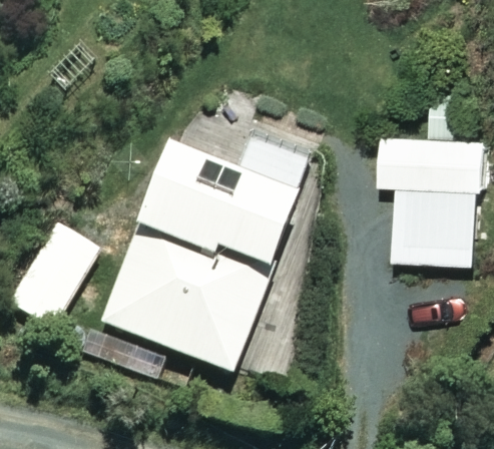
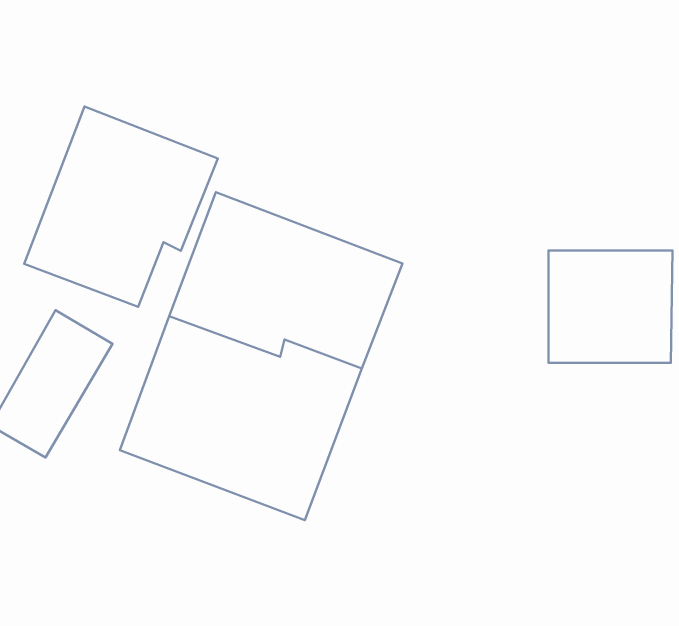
building: none -> [24,107,218,307]
building: [384,95,481,184] -> none

